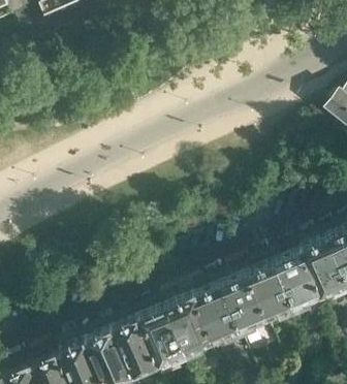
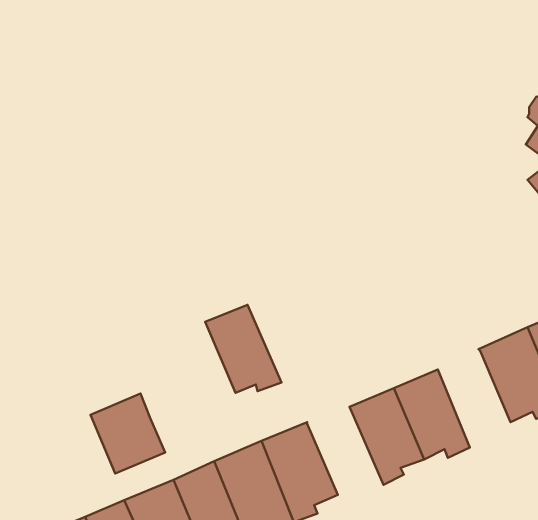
building: [278,248,322,328] -> none
building: none -> [91,394,165,474]
building: [198,282,245,335] -> [205,305,281,393]

